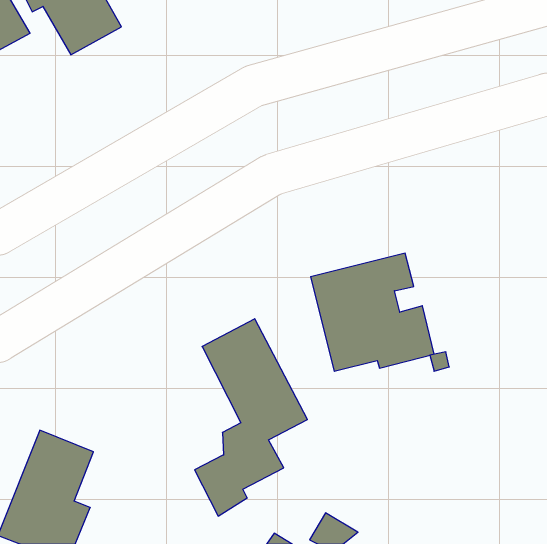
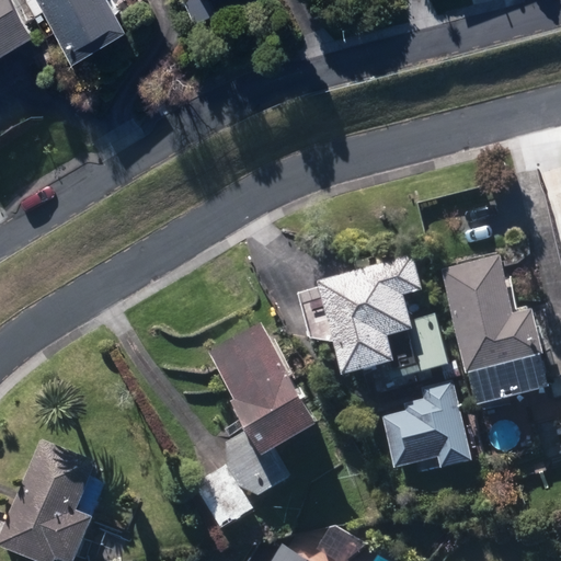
building: none -> [440,257,545,400]
building: none -> [379,380,468,463]

